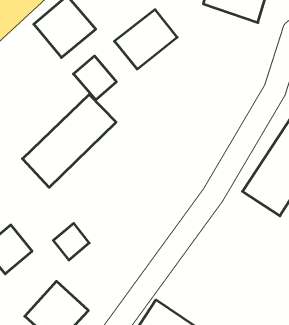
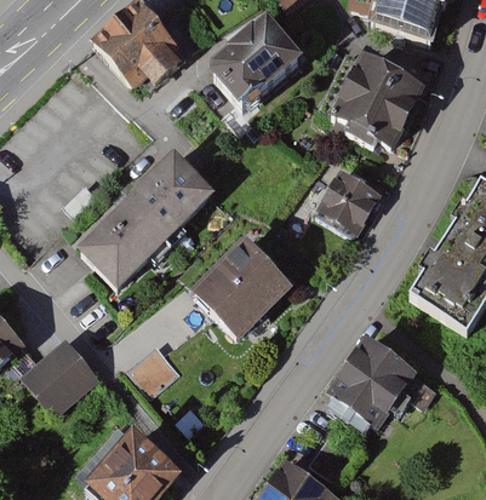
building: none -> [328,44,424,143]
building: [73,56,116,100] -> none
building: none -> [319,171,385,240]
building: none -> [191,235,296,339]
building: none -> [322,340,412,430]

